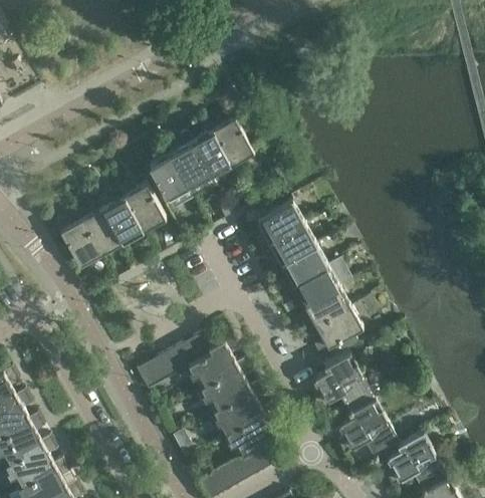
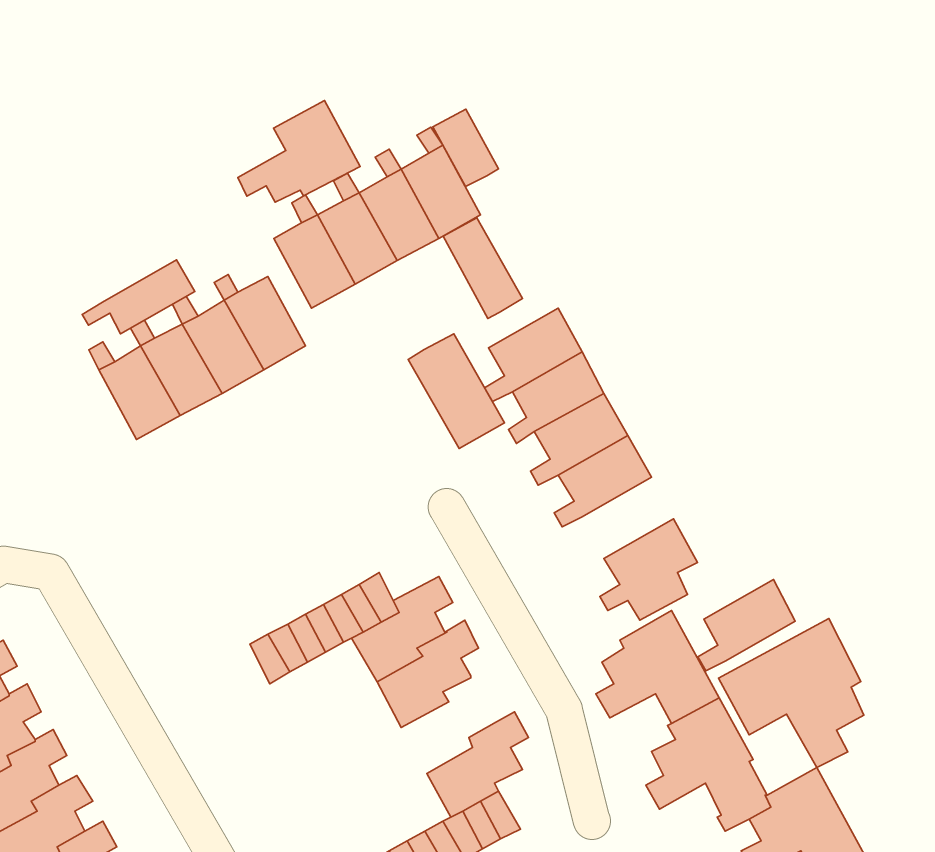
building: none -> [238,101,360,202]
building: none -> [433,109,498,187]
building: none -> [443,218,522,319]
building: none -> [82,260,195,334]
building: none -> [408,334,505,449]
building: [301,287,350,333] -> [698,579,795,671]
building: none -> [718,618,864,767]
building: [213,383,264,437] -> none

